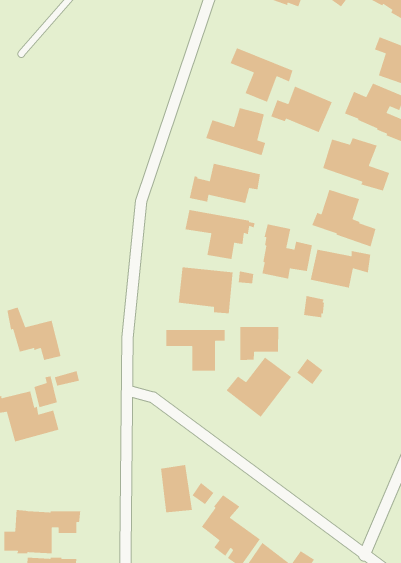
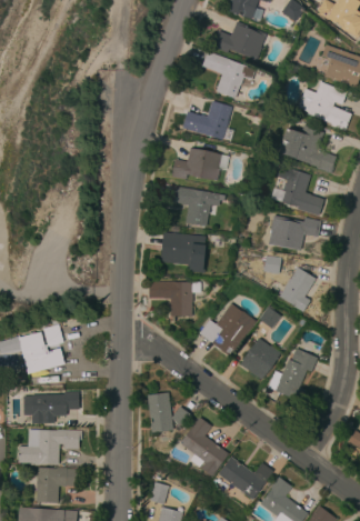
building: [270,85,333,133] -> [216,21,267,60]
building: [261,224,313,279] -> none
building: [7,307,61,361] -> none
building: none -> [279,267,316,311]
building: [239,326,279,361] -> none
building: none -> [241,338,279,378]
building: none -> [269,349,317,401]
building: none -> [23,391,80,423]

